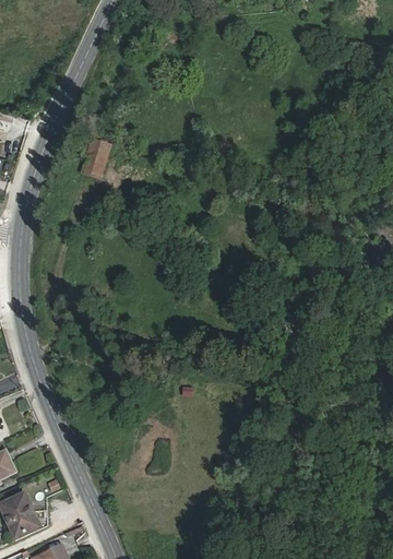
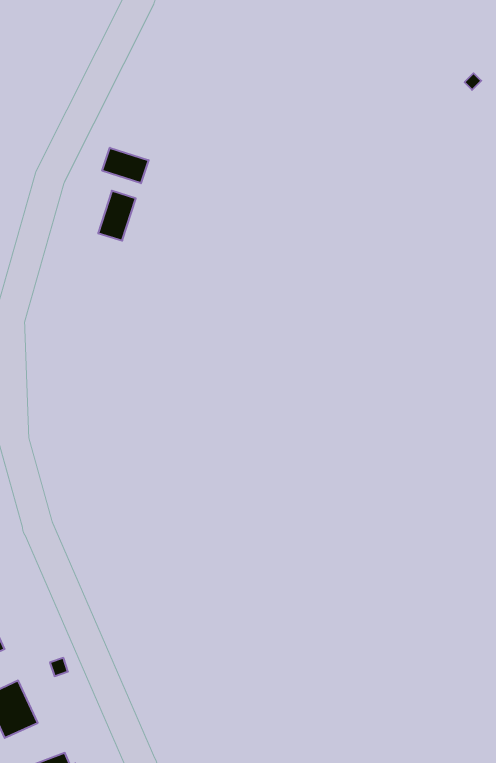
building: none -> [102,148,149,183]

